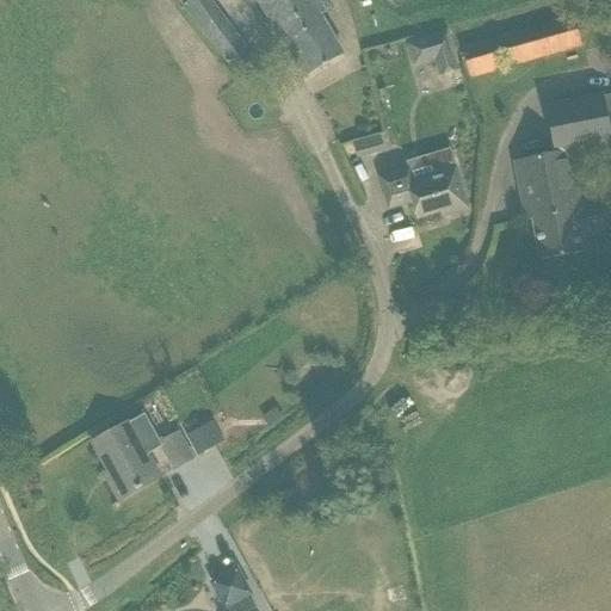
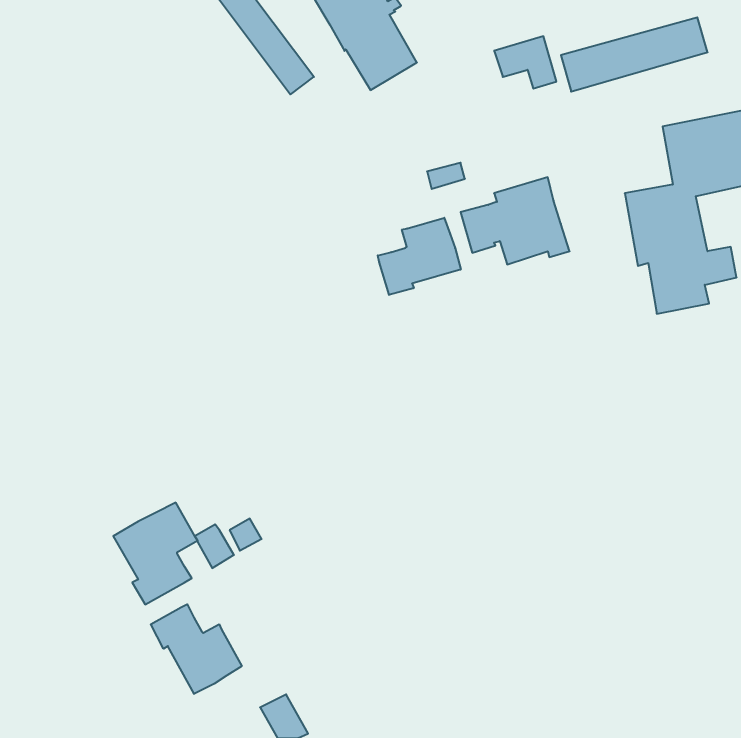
building: none -> [378,218,461,295]
building: none -> [151,604,242,694]

